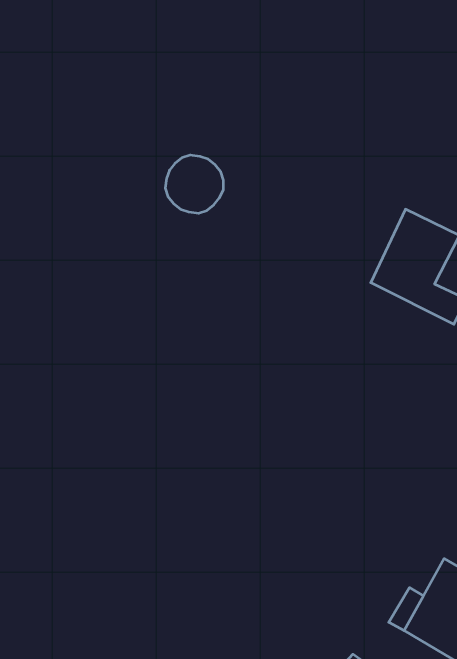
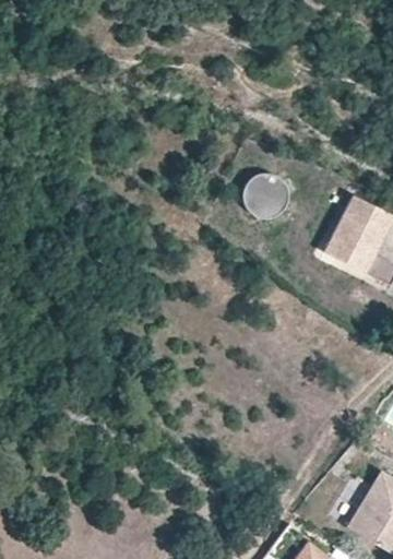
building: [165,155,223,213] -> [242,174,288,219]

